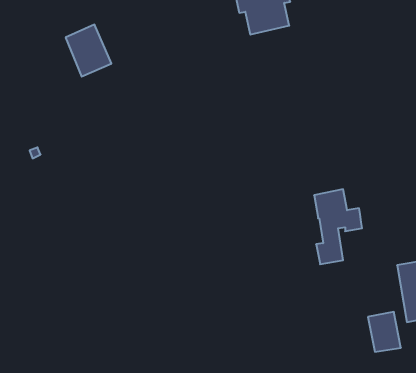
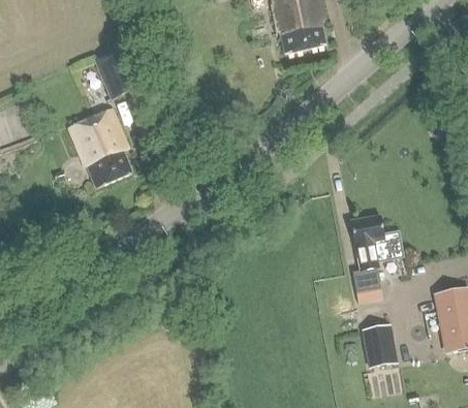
building: none -> [67,107,132,185]
building: [368,312,401,352] -> [363,324,397,366]

